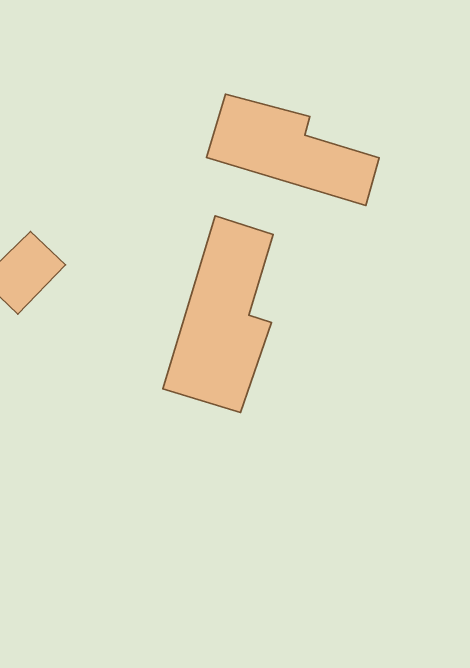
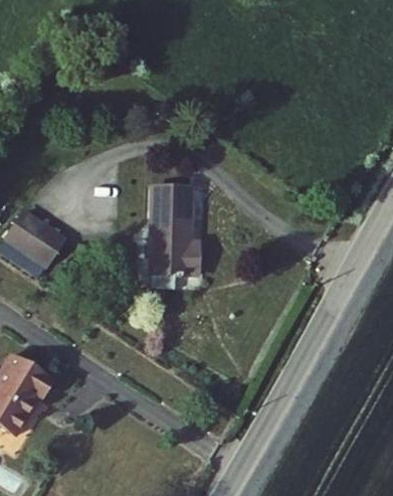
building: [207,94,379,206] -> none

